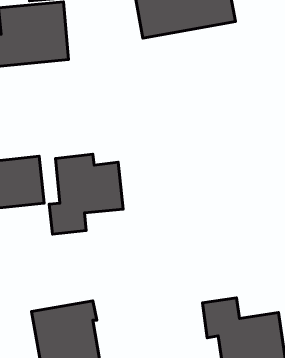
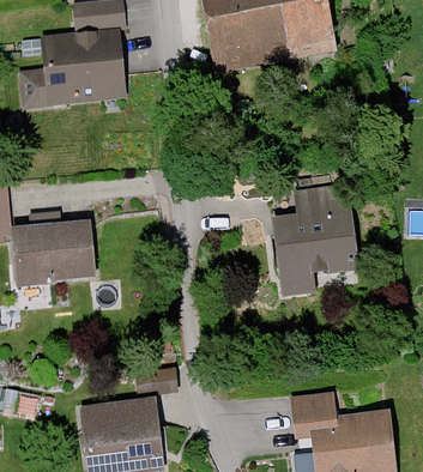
building: none -> [273,184,355,295]
building: [49,154,123,234] -> none

